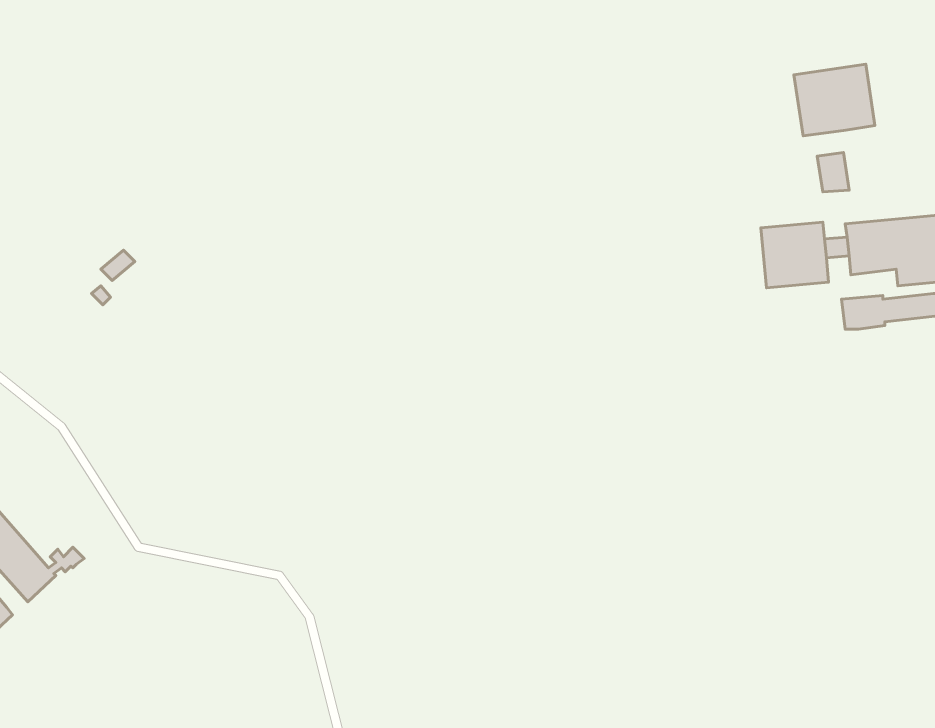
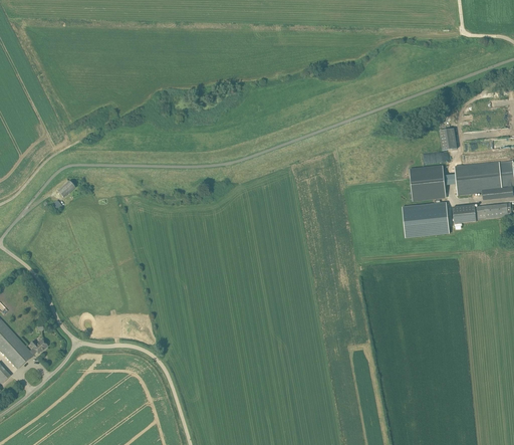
building: [794,64,875,136] -> none
building: none -> [403,201,450,237]

